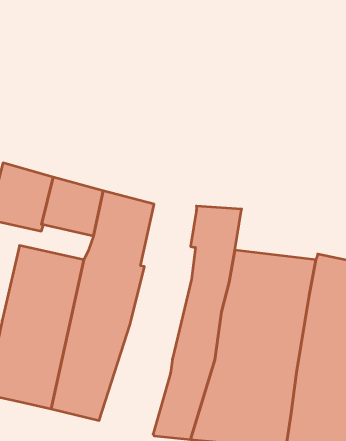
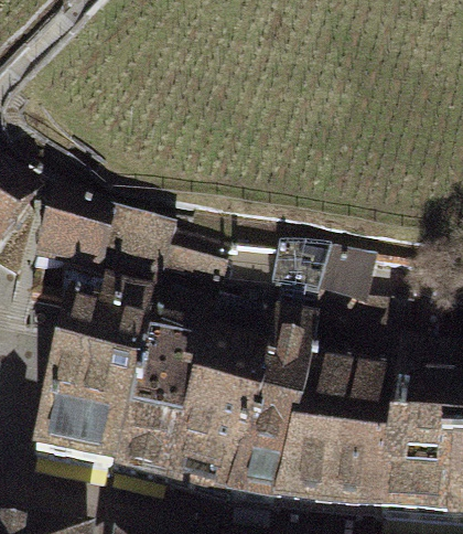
building: none -> [153,236,265,500]

